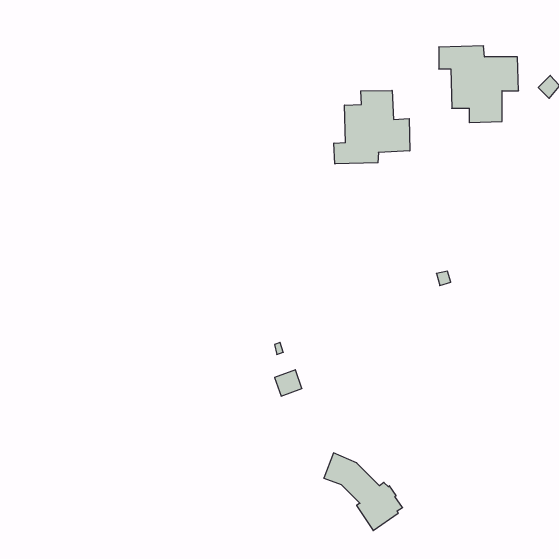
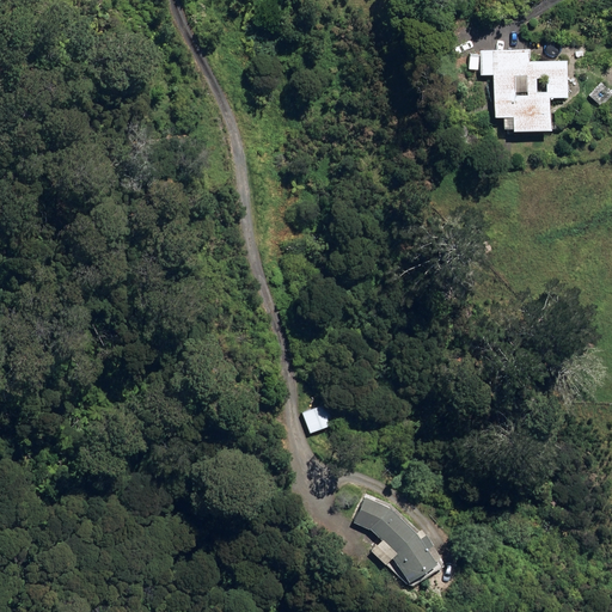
building: [334,90,410,164] -> none

